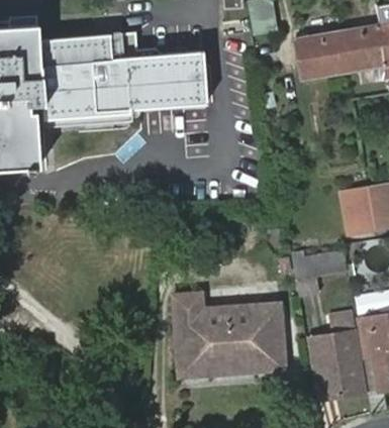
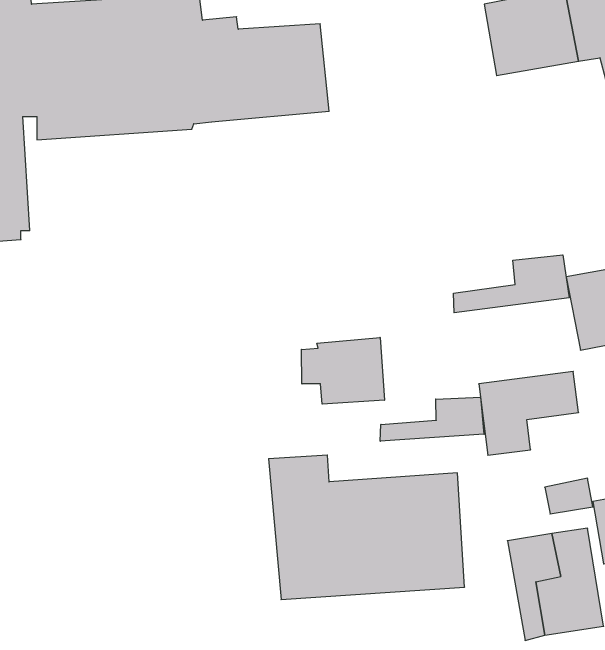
building: none -> [454,255,569,313]
building: none -> [301,337,384,404]
building: none -> [380,397,484,441]

